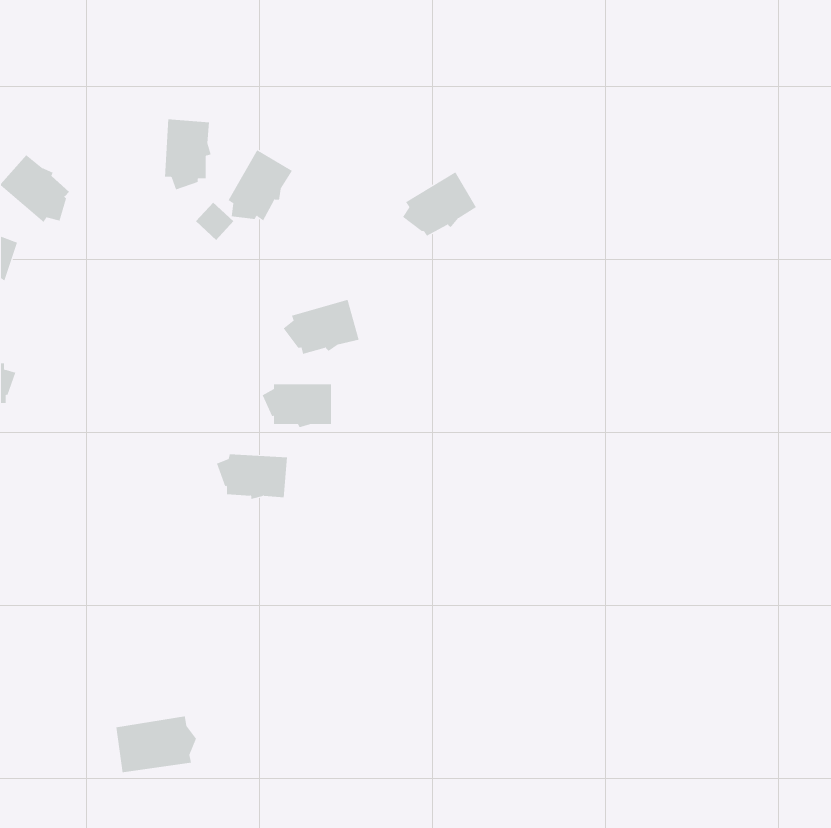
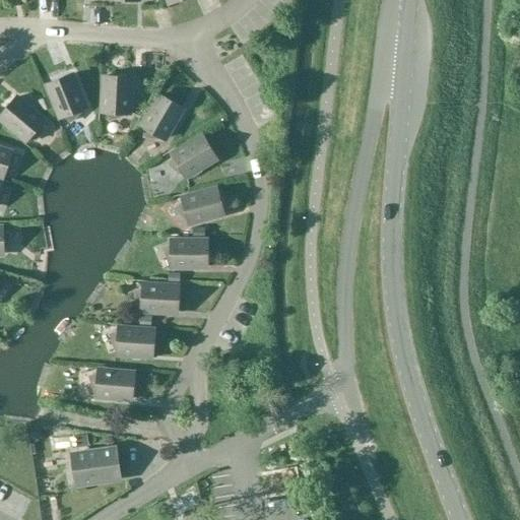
building: none -> [48,73,85,120]
building: [402,171,477,236] -> [170,134,216,175]
building: none -> [111,326,154,355]
building: none -> [90,369,134,398]

